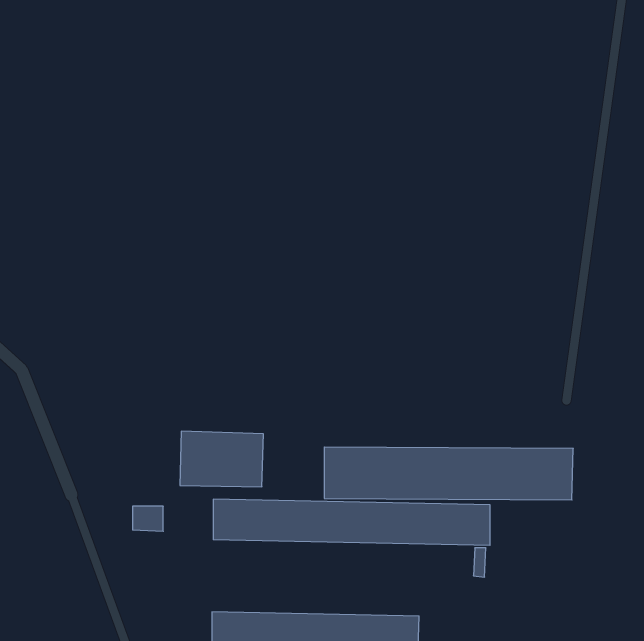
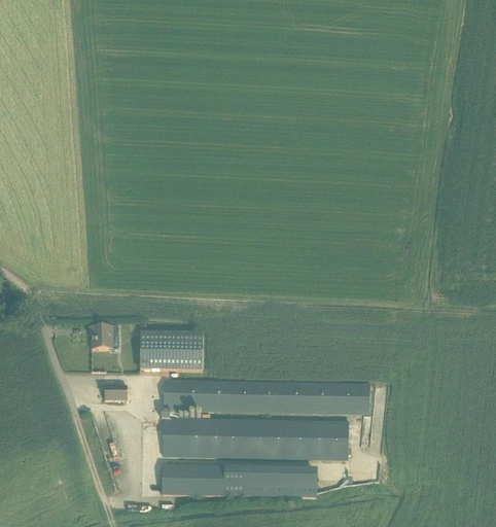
building: none -> [90,329,119,353]
building: [324,447,573,500] -> [163,419,347,458]

